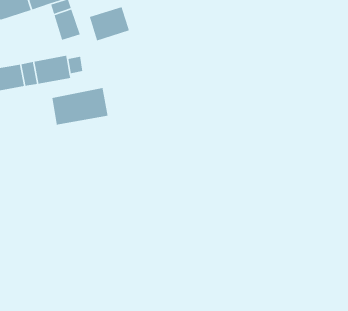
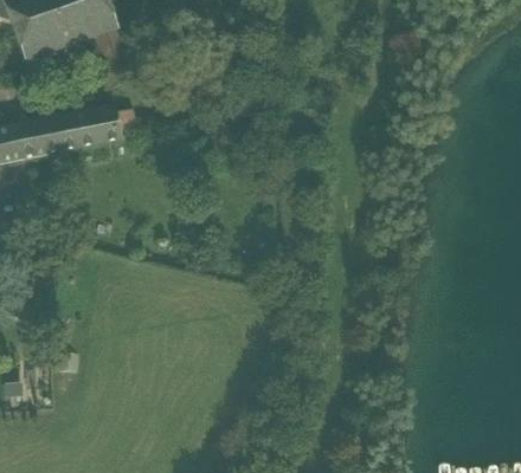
building: [89,6,130,42] -> none
building: [51,87,109,126] -> none

